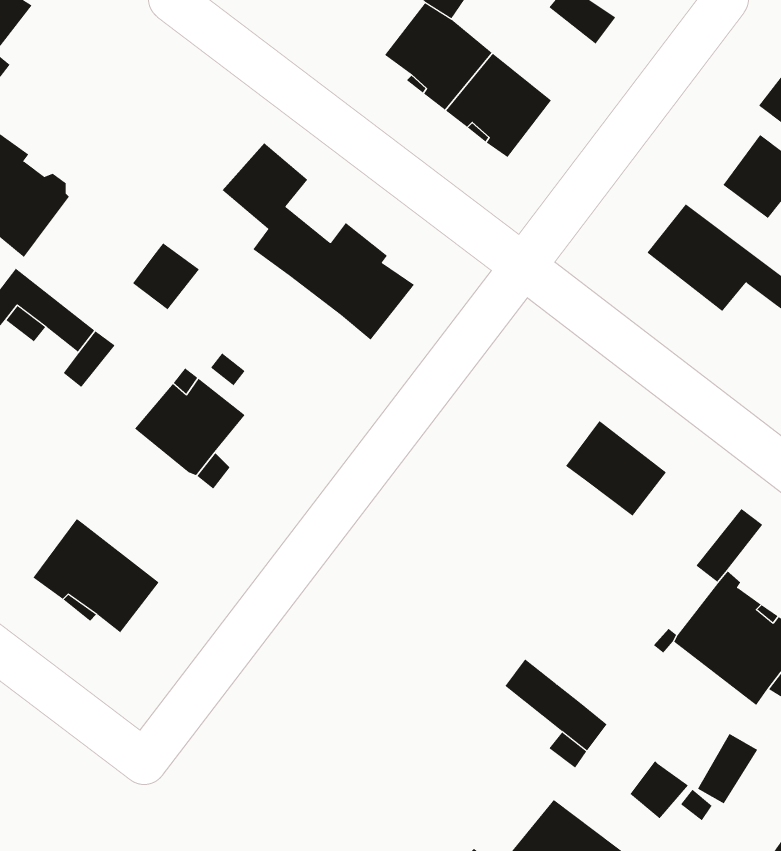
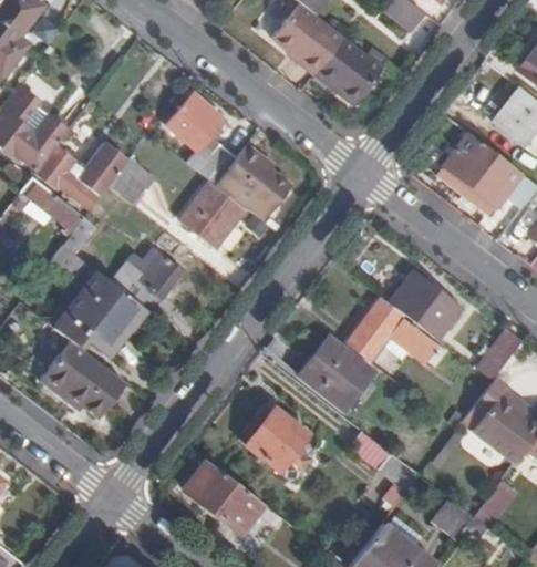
building: none -> [34,147,121,209]
building: none -> [182,182,244,246]
building: none -> [55,274,144,350]
building: none -> [348,298,444,367]
building: none -> [300,339,372,411]
building: none -> [247,409,309,481]
building: none -> [185,461,282,532]

